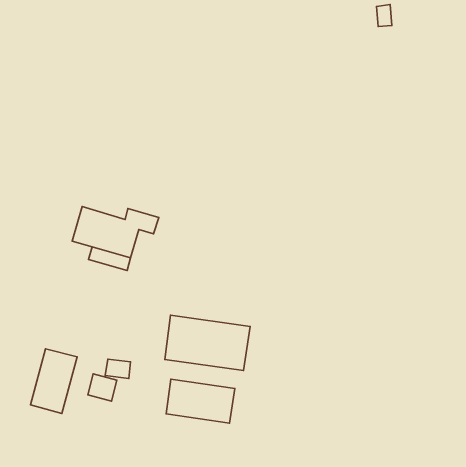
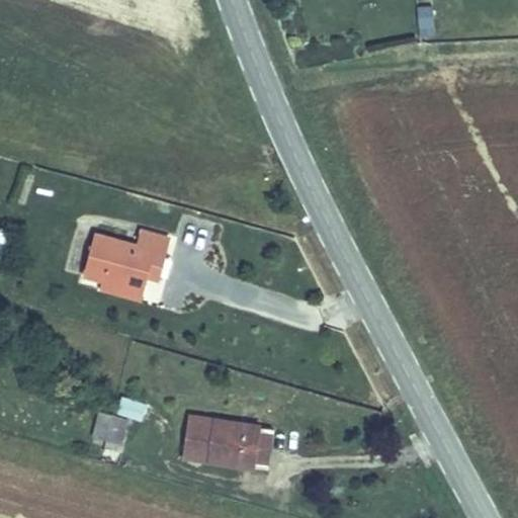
building: [165,315,250,370] -> none
building: [30,349,77,414] -> none

